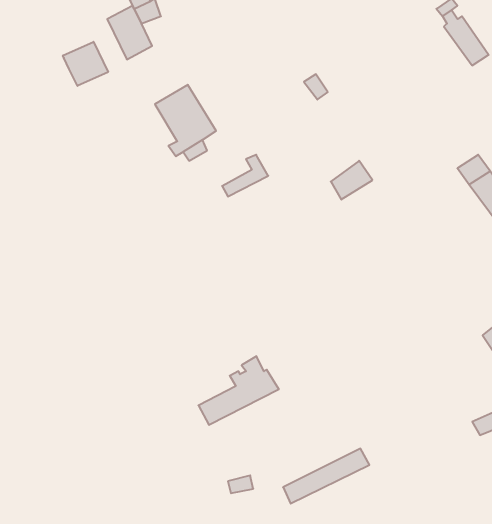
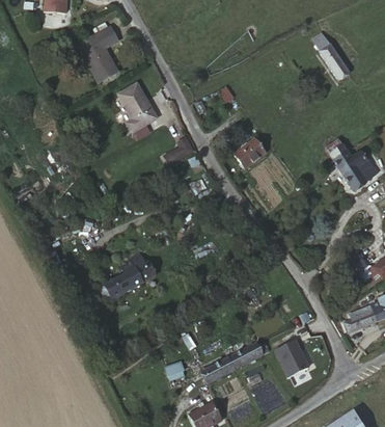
building: [63,42,108,86] -> none
building: [198,356,279,425] -> [101,251,157,299]
building: none -> [275,340,309,379]

